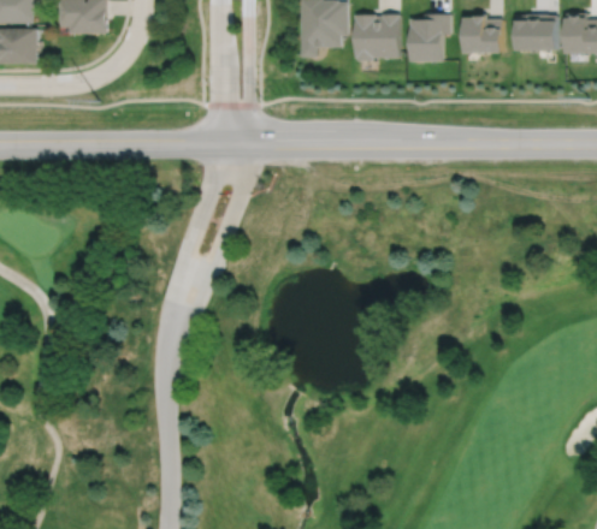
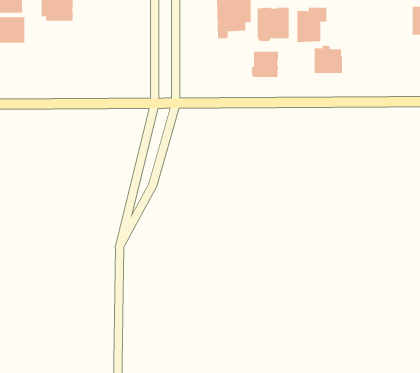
building: [463,14,503,53] -> [314,45,343,73]
building: [515,14,558,50] -> none
building: none -> [251,51,278,78]

